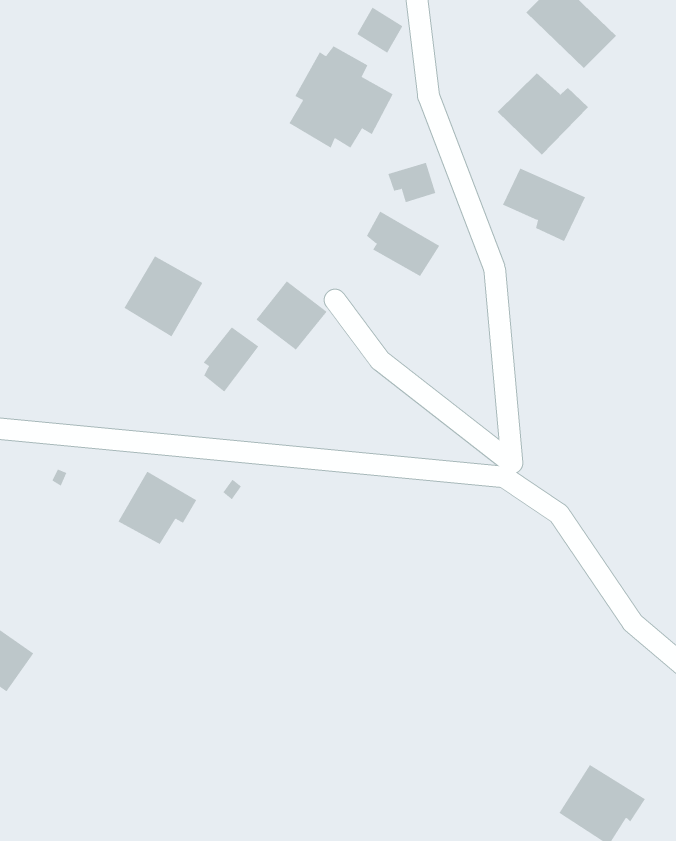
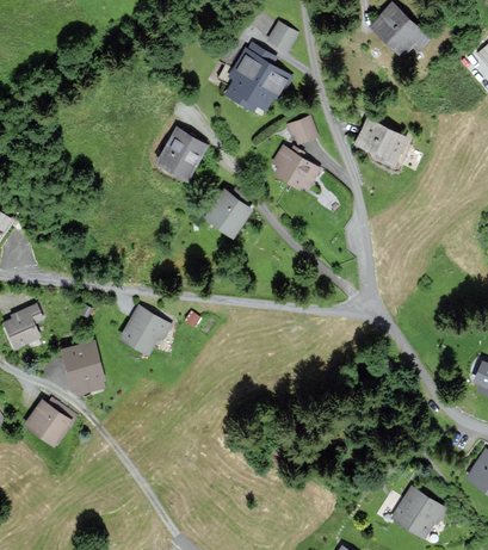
building: [497,72,589,156] -> none
building: [123,255,203,337] -> [157,129,206,179]
building: [203,326,259,392] -> none
building: none -> [61,341,103,394]

